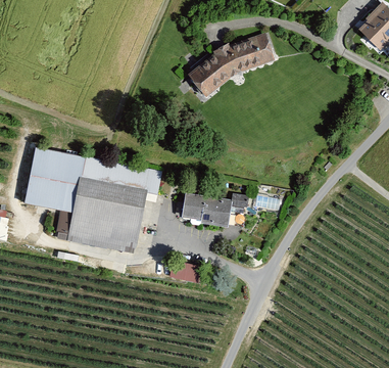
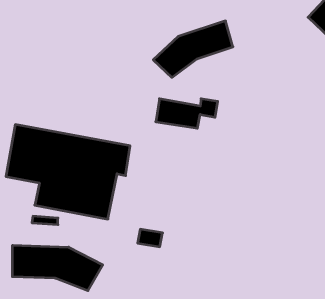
building: [181,192,249,225] -> [156,99,218,128]
building: none -> [12,245,103,291]

